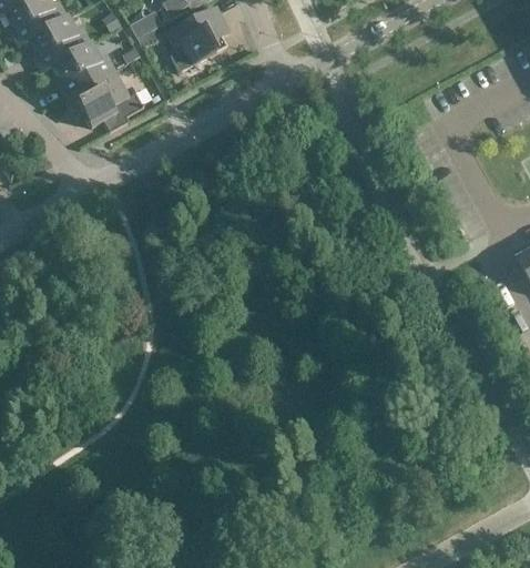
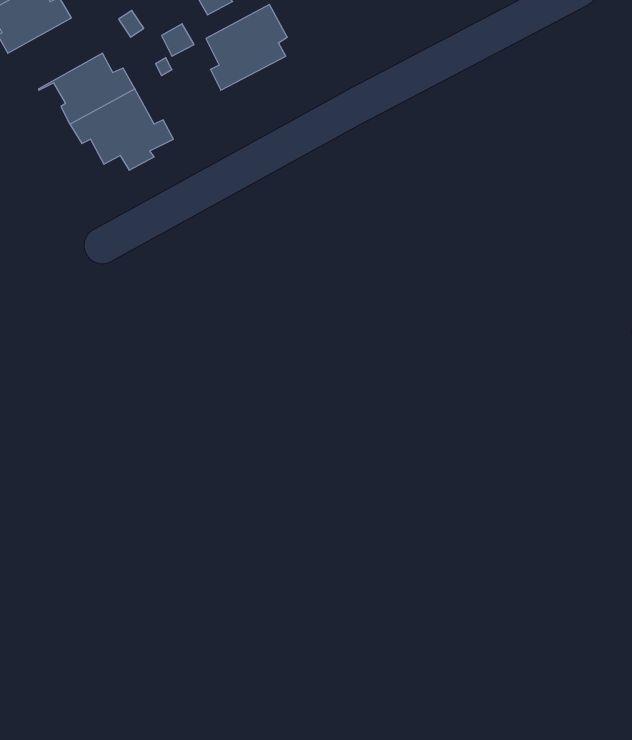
building: [19,14,90,68] -> none

